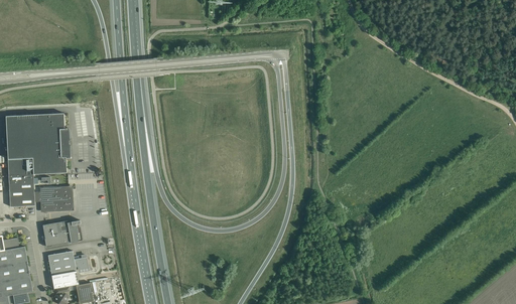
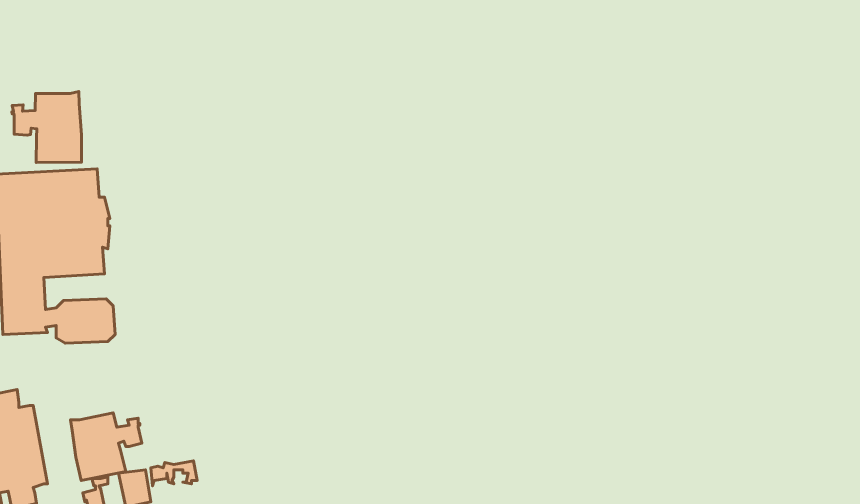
building: none -> [12,92,82,162]
building: [43,219,82,246] -> none

